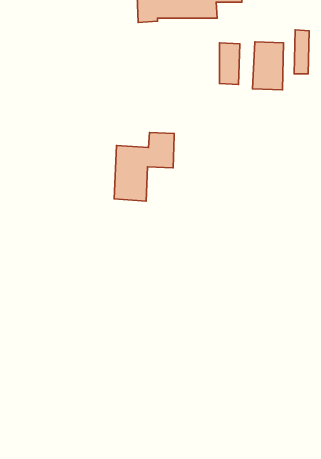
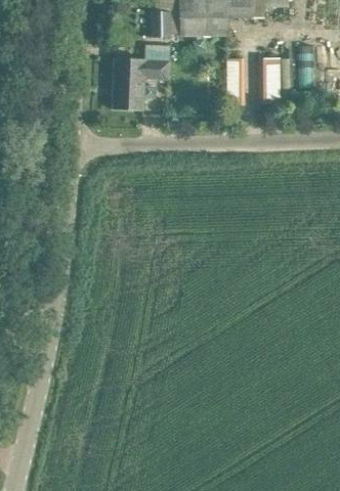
building: [114,132,174,201] -> [112,46,169,111]

